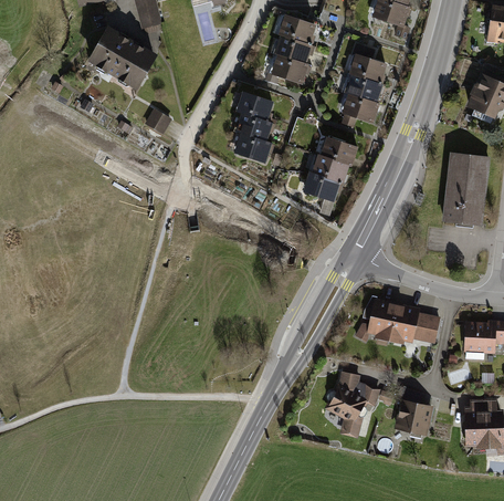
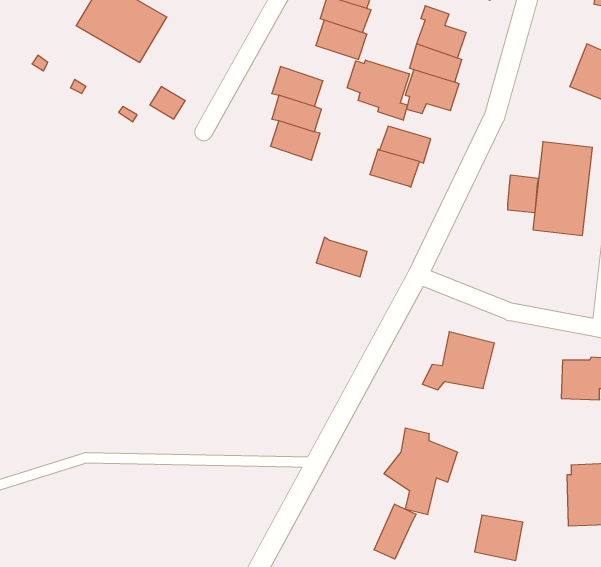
building: none -> [347,60,409,120]
building: [302,173,342,203] -> [316,237,367,277]
building: none -> [508,175,539,213]
building: [400,306,441,346] -> none
building: [393,401,431,437] -> [475,515,523,560]
building: none -> [374,504,416,559]

